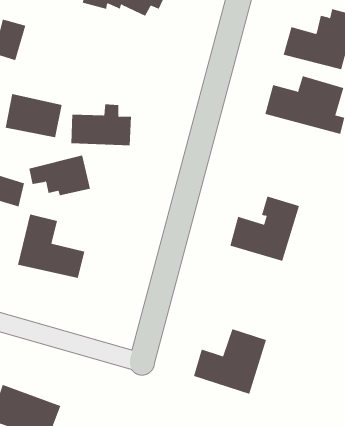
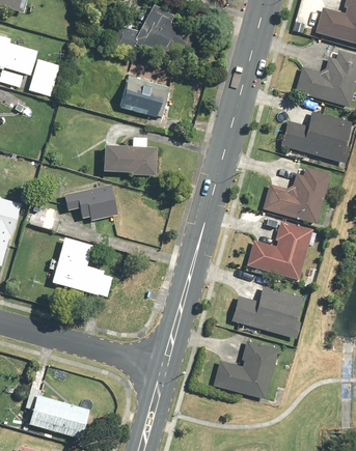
building: [5,94,63,138] -> [118,77,171,117]
building: none -> [263,166,331,222]
building: none -> [231,286,304,339]

